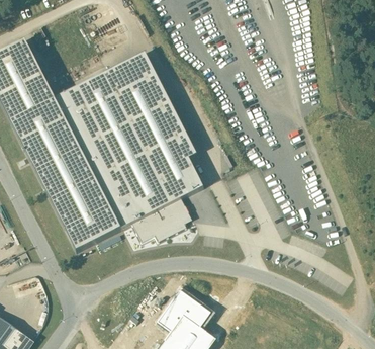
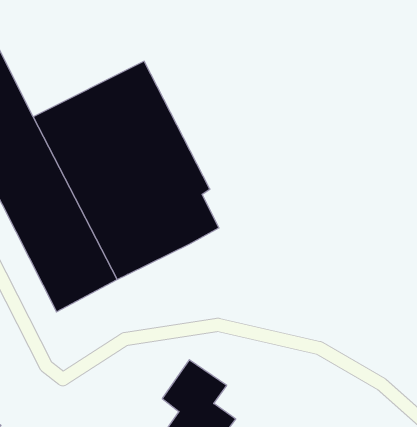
building: [132,199,193,244] -> none

